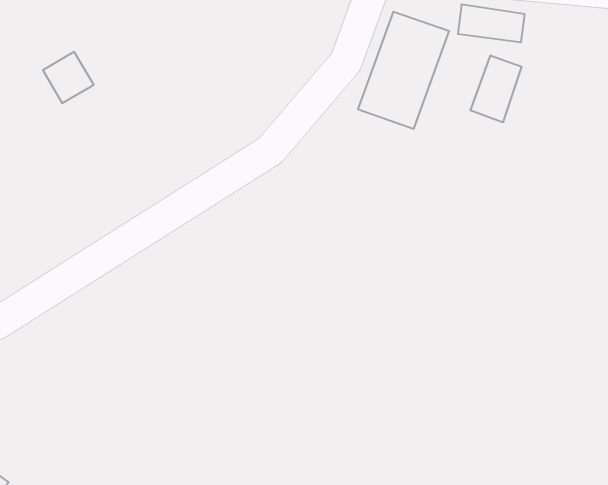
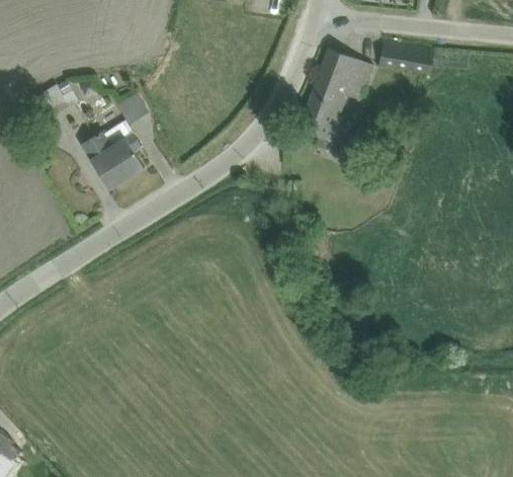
building: [471,55,521,122] -> none
building: none -> [84,131,141,186]

